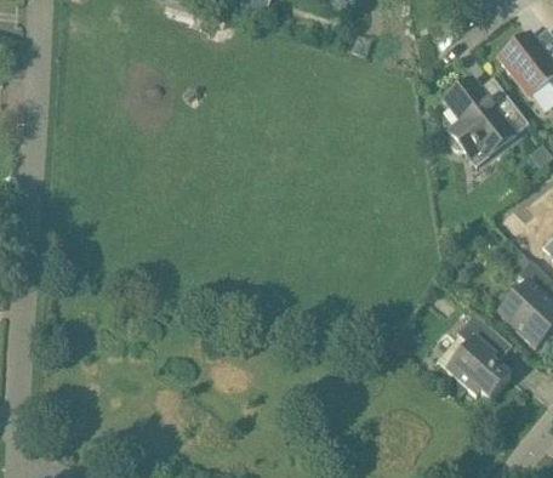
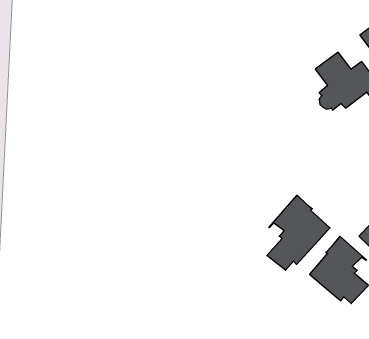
building: none -> [267,195,330,270]

